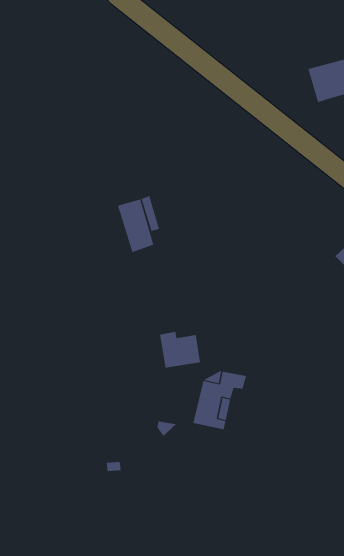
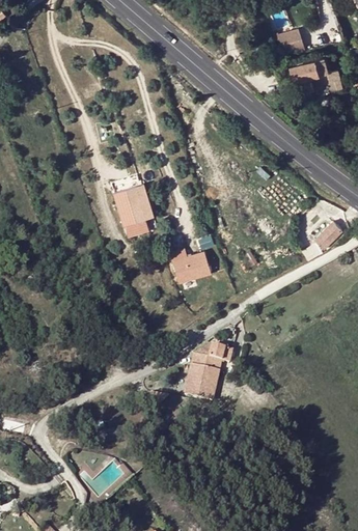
building: none -> [277,29,304,56]
building: [159,331,201,368] -> [168,246,206,280]

